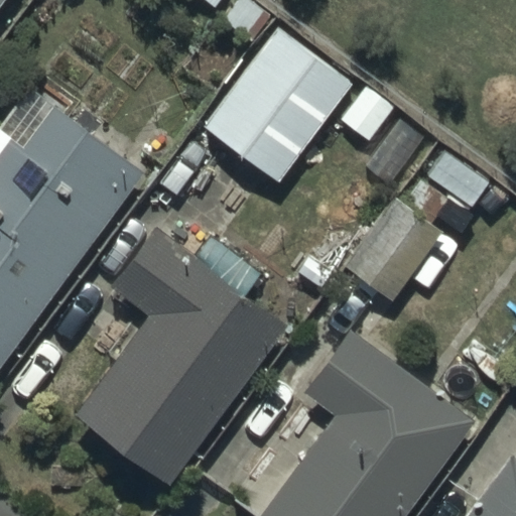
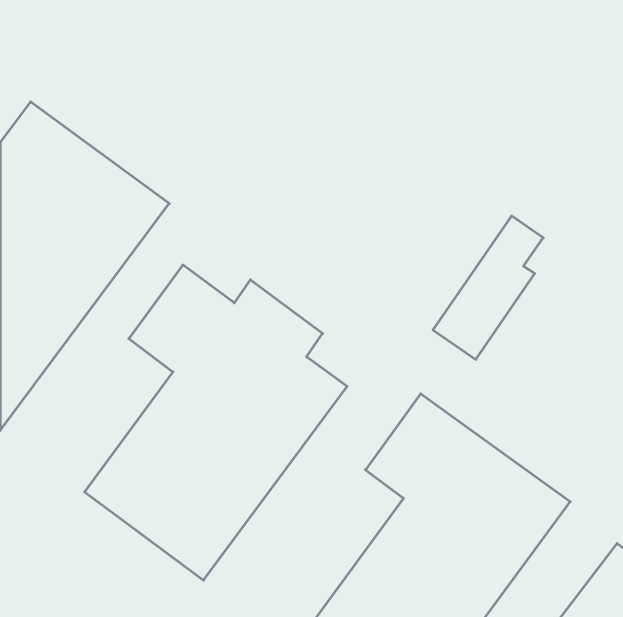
building: [204,28,353,182] -> none

